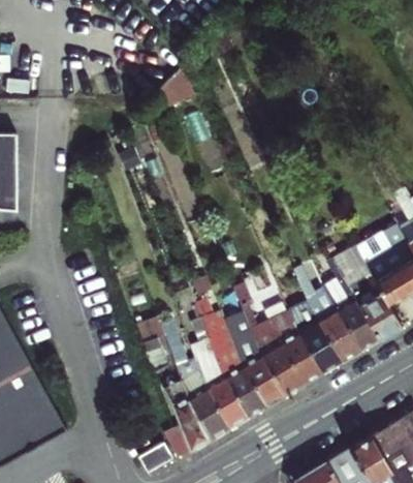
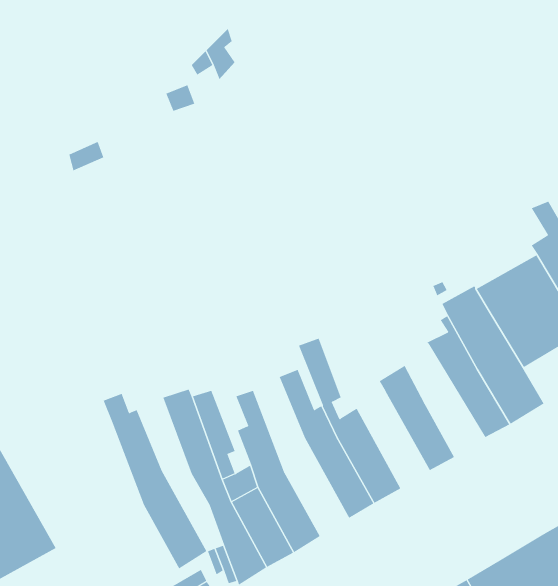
building: [291,266,359,365] -> none
building: [193,298,265,420] -> [103,393,207,569]
building: [271,320,321,387] -> none

